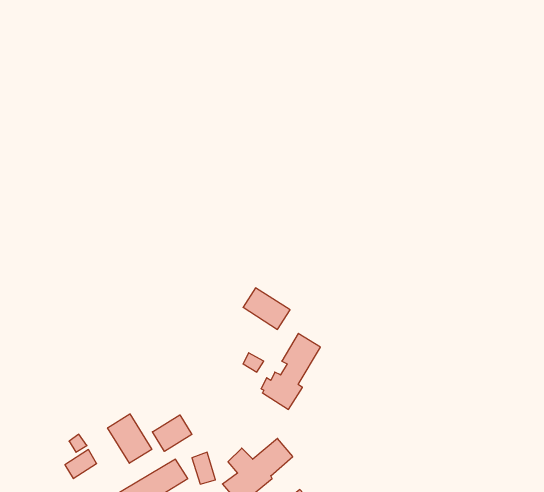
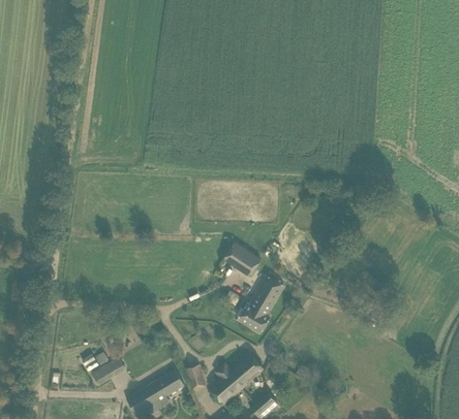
building: [108,414,152,463] -> none
building: [152,415,192,451] -> none

